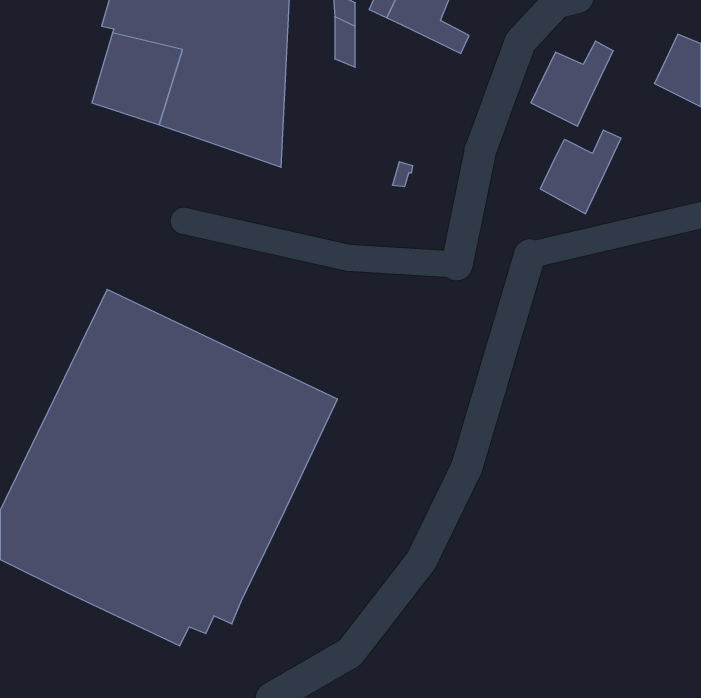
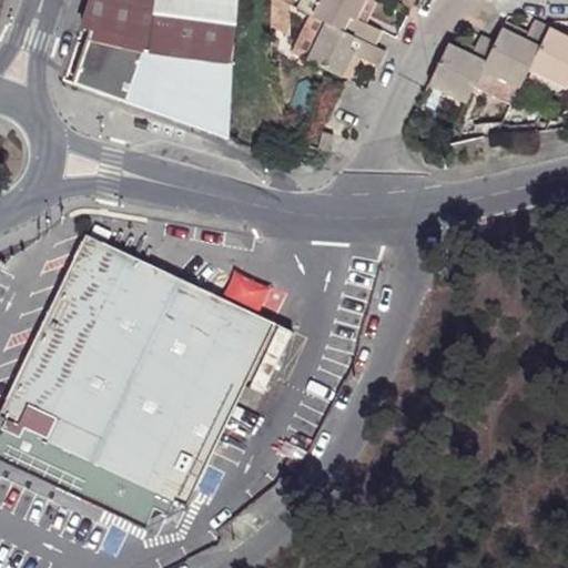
building: none -> [306,20,385,75]
building: [540,130,621,214] -> [484,19,549,87]

